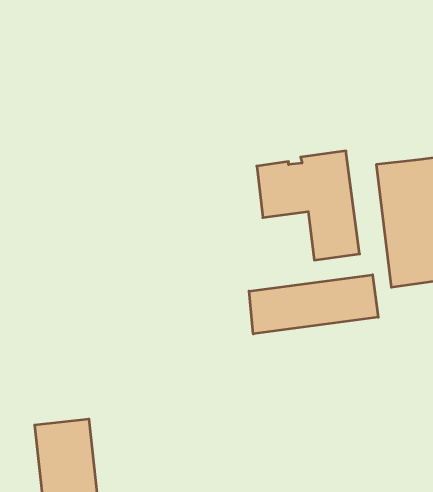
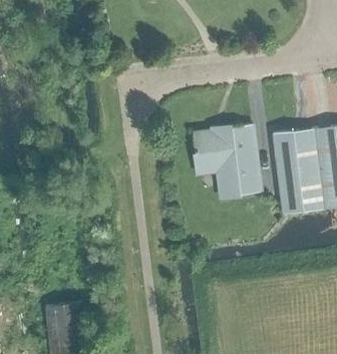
building: [249,275,378,334] -> none

